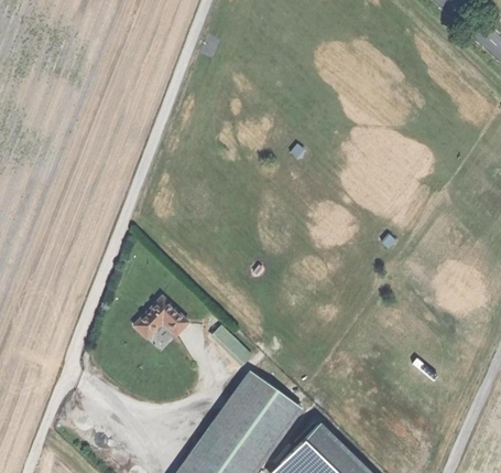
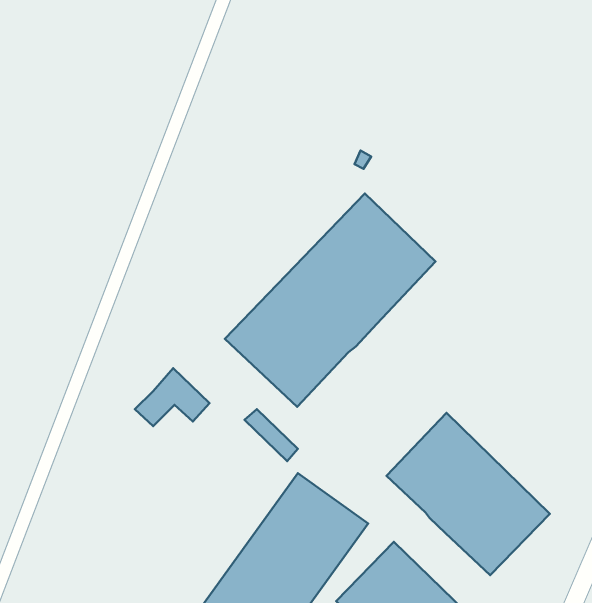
building: none -> [225,194,436,407]
building: none -> [386,413,550,575]

